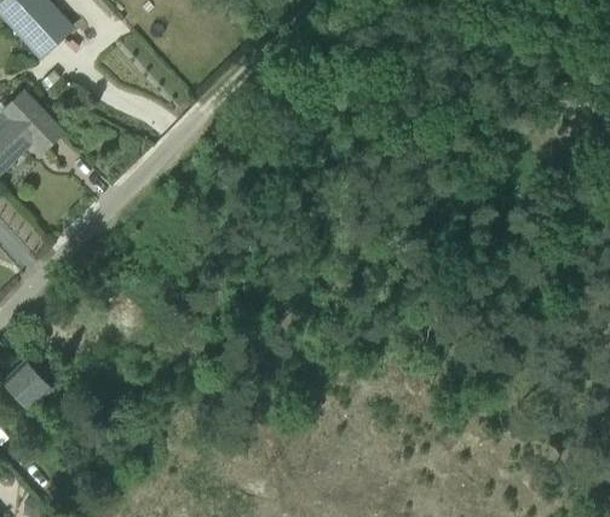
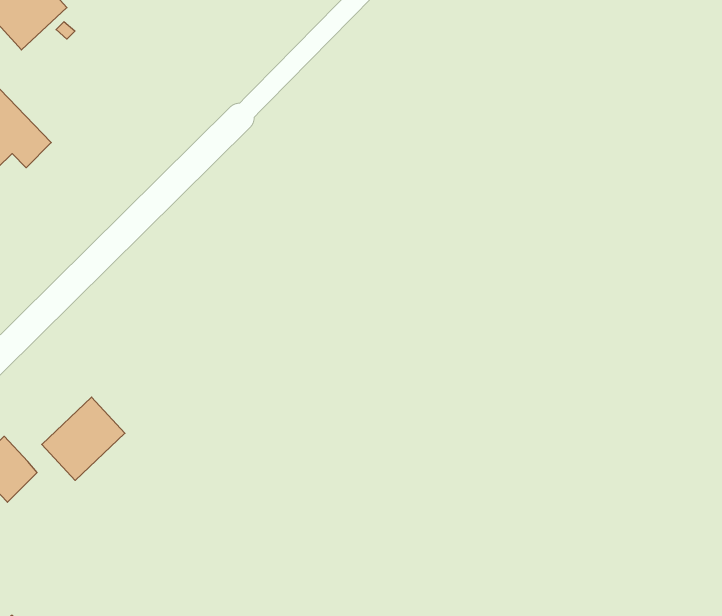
building: none -> [42,397,125,480]

